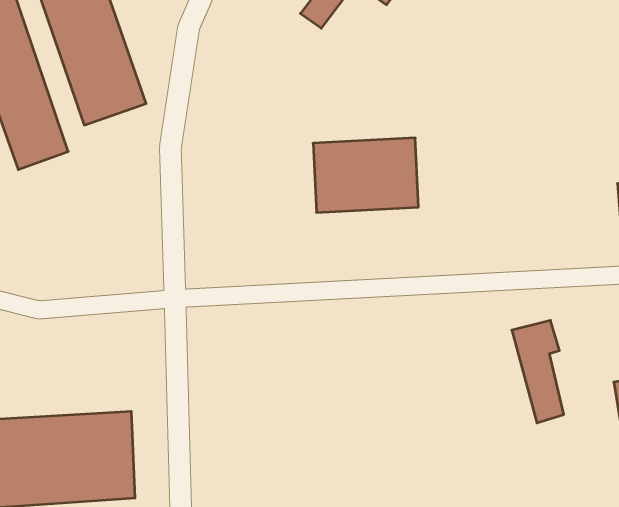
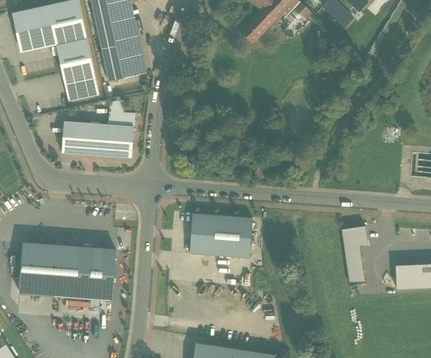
building: [313,138,418,212] -> [188,214,250,258]
building: none -> [62,122,134,157]

